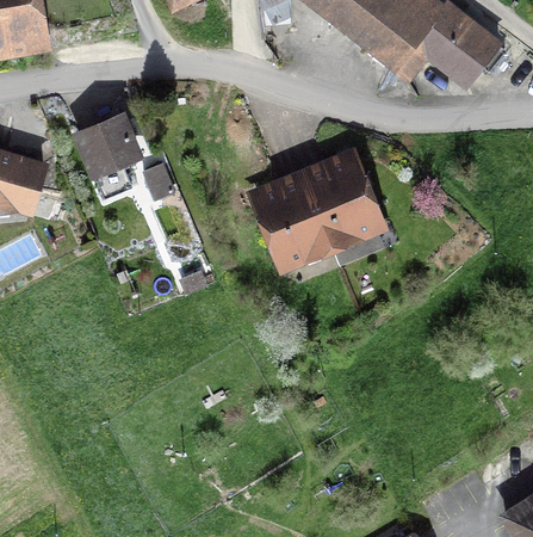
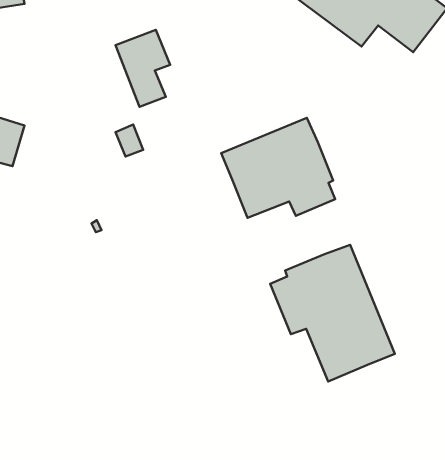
building: [79,118,138,202] -> [115,30,170,107]
building: none -> [270,245,395,381]

